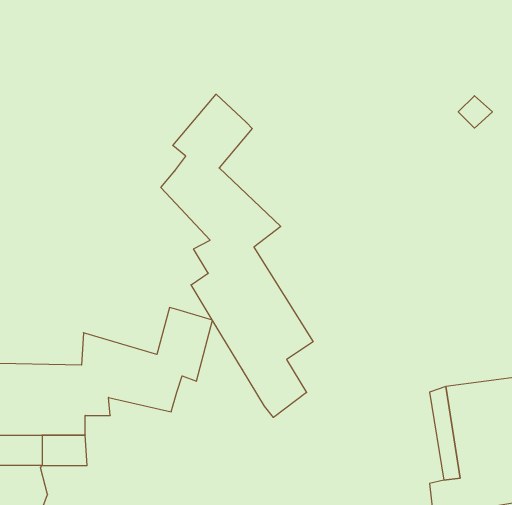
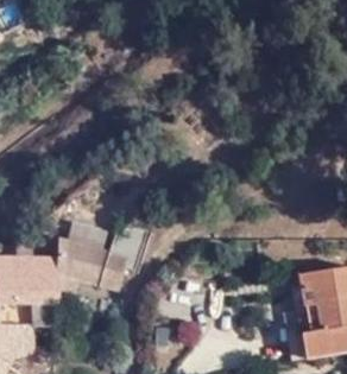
building: [161,94,313,417] -> none

